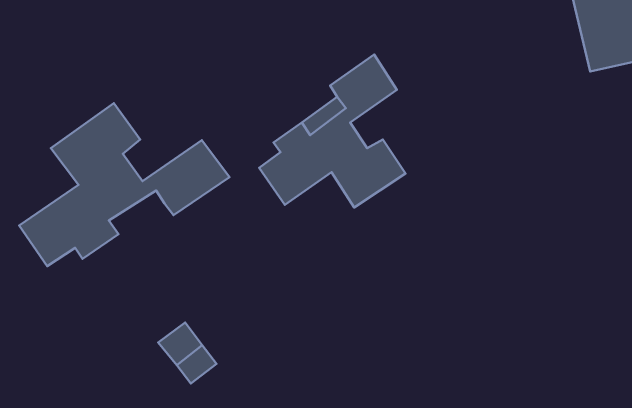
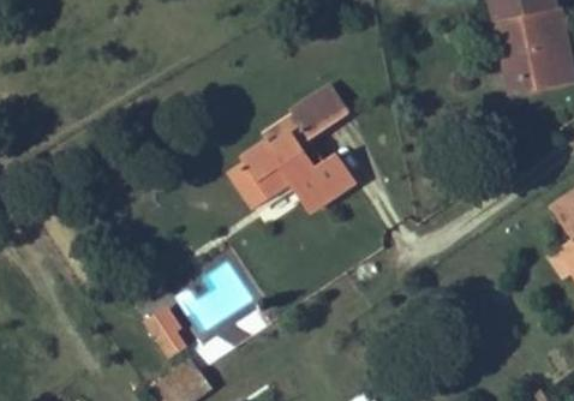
building: [19,103,230,266] -> none

